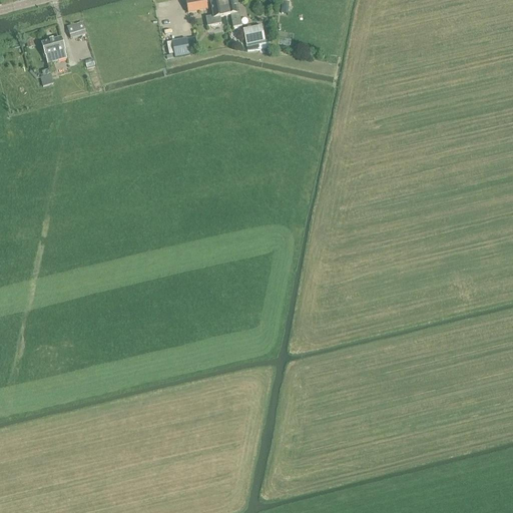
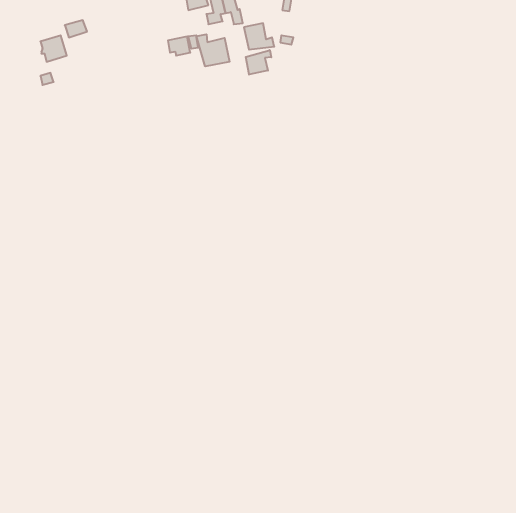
building: none -> [196,34,230,66]
building: none -> [246,50,271,75]

